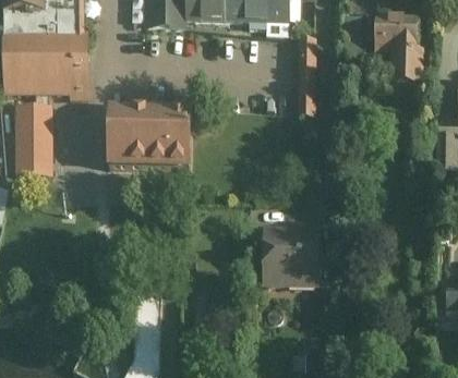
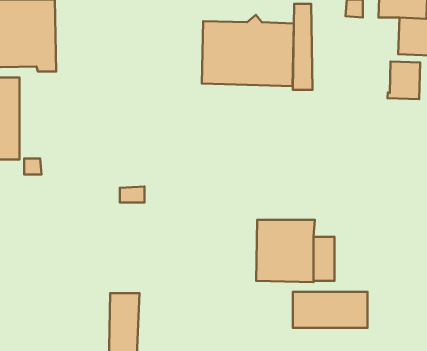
building: none -> [388,62,420,99]
building: [107,102,189,166] -> [202,15,294,86]
building: none -> [293,292,367,328]

